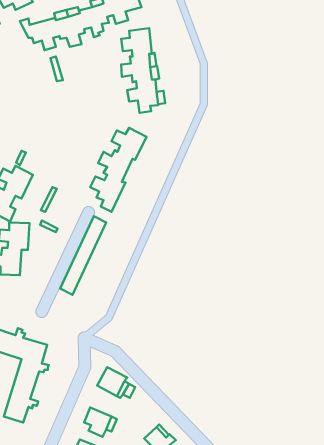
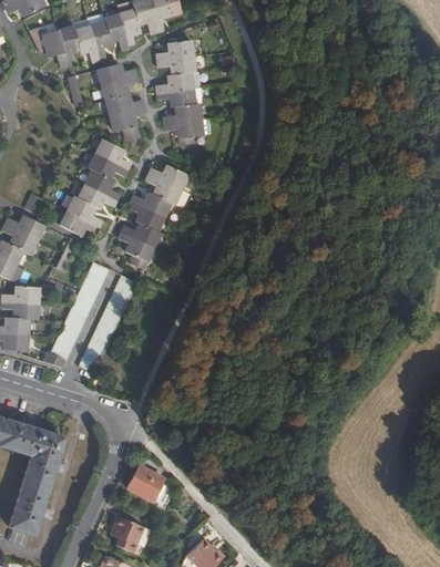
building: none -> [95,63,145,146]
building: none -> [59,140,130,237]
building: none -> [40,261,108,368]

